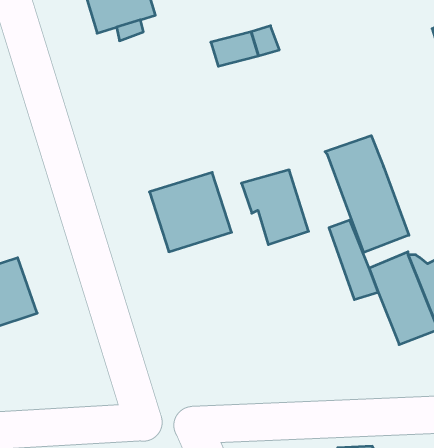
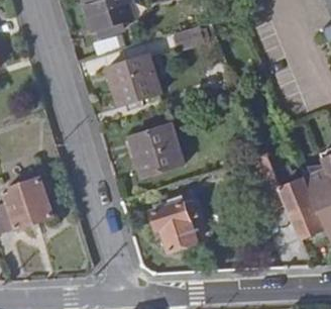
building: none -> [107,54,159,107]
building: [325,136,409,253] -> none
building: [241,170,309,245] -> [150,200,196,250]

